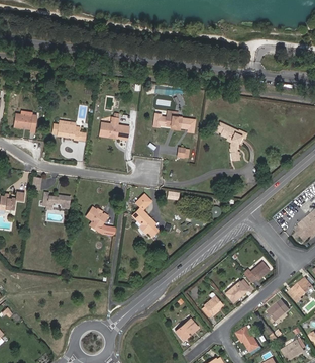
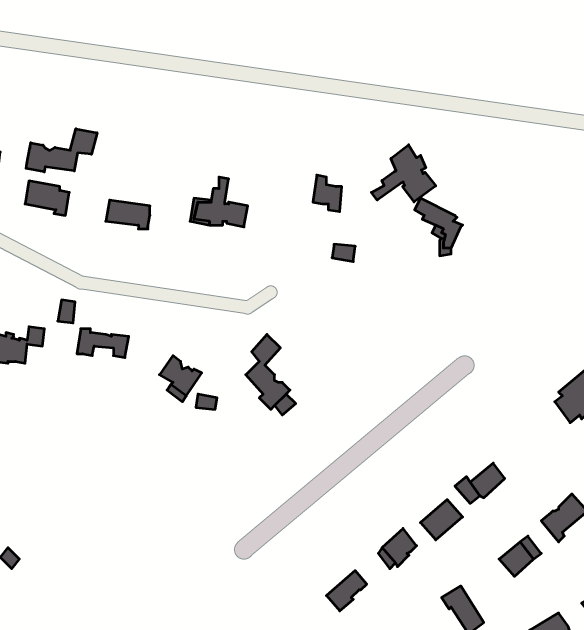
building: none -> [26,129,97,172]
building: none -> [371,145,436,202]

